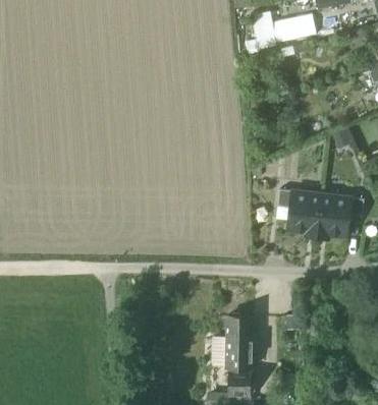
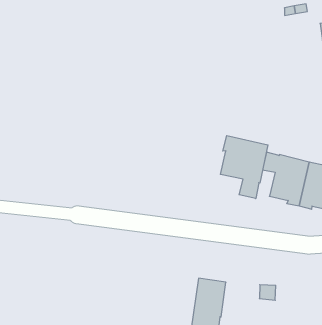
building: none -> [220,136,268,199]

